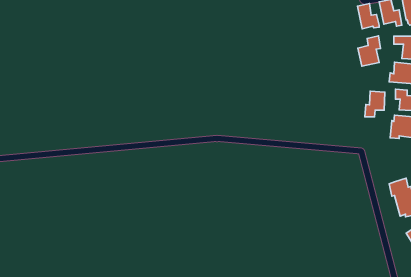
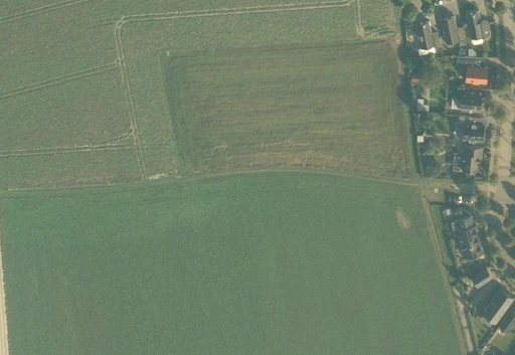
building: [358,36,380,66] -> none
building: [365,91,385,117] -> none

